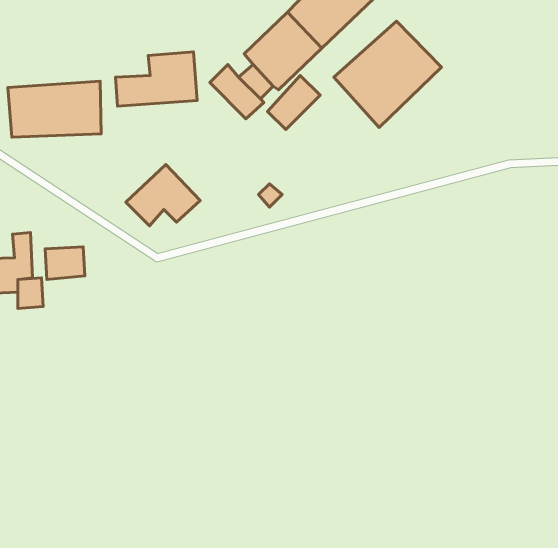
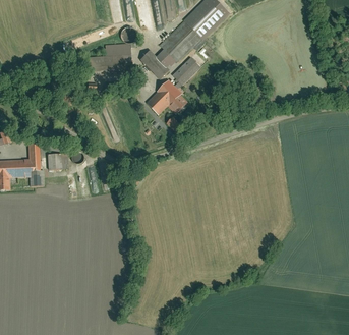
building: [334,21,442,128] -> none
building: [8,81,101,137] -> none
building: [126,164,200,226] -> [147,80,188,115]

